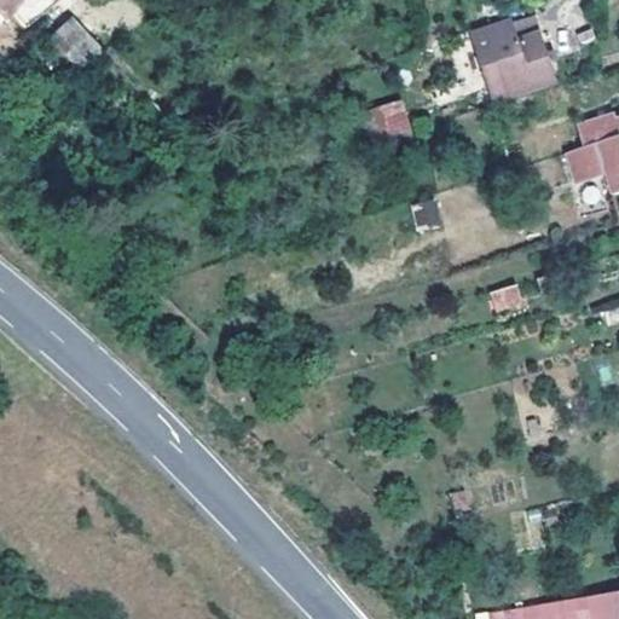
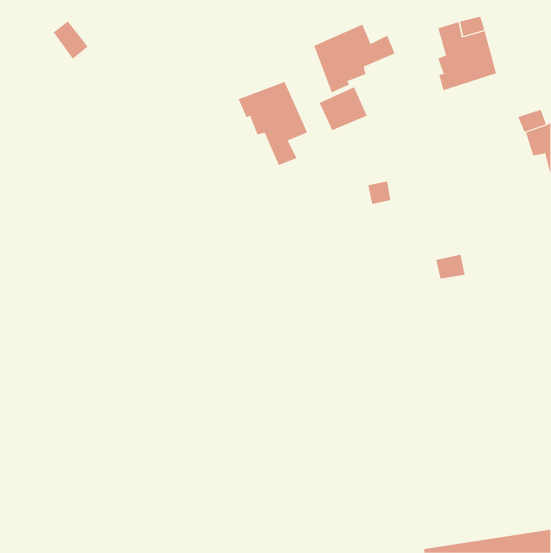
building: none -> [313,24,395,93]
building: none -> [238,81,308,166]

